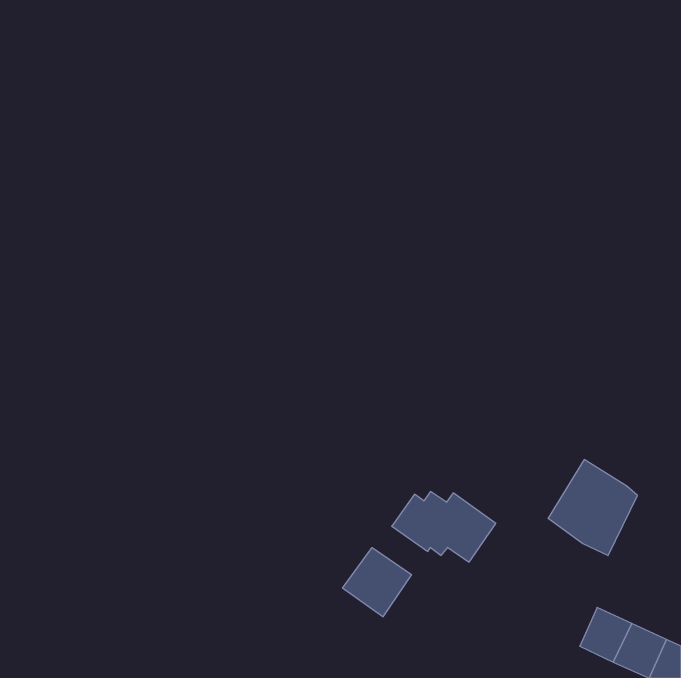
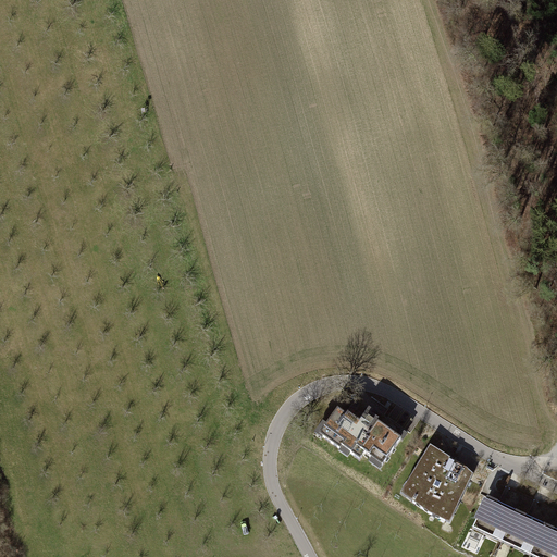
building: [548,460,637,556] -> [400,443,473,521]
building: [343,548,411,617] -> none

